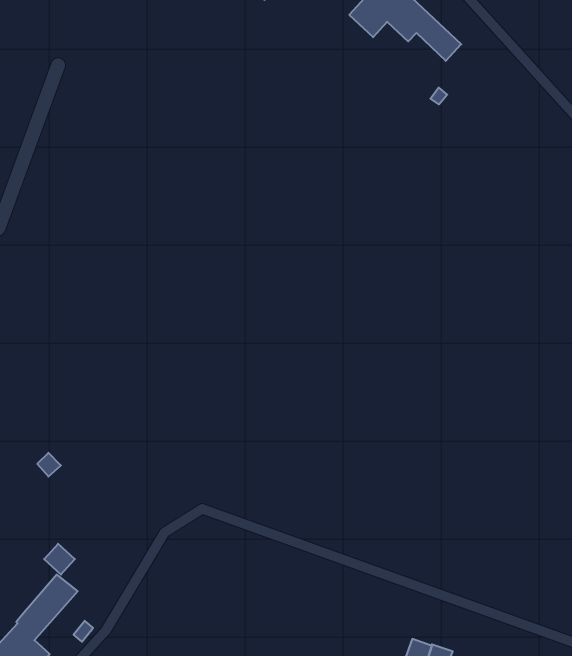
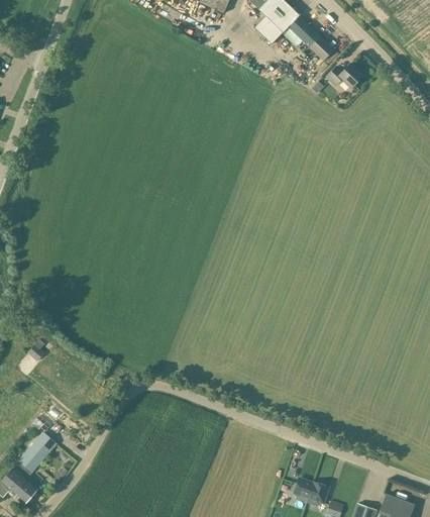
building: none -> [326,64,362,88]

